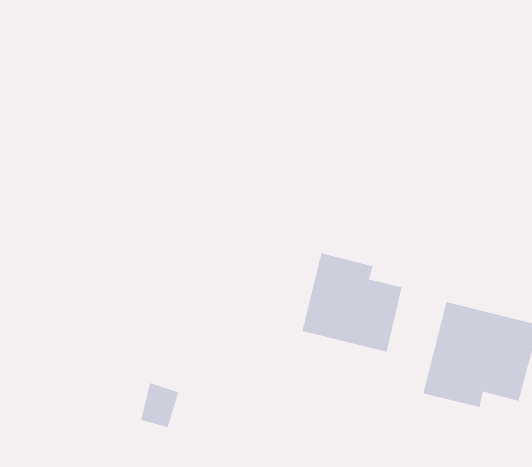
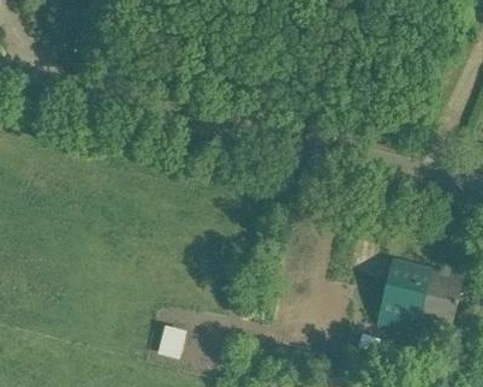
building: [302,253,402,353] -> none

